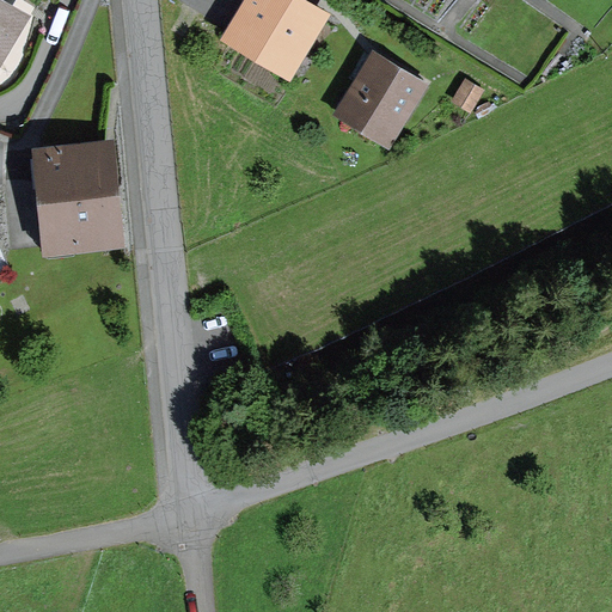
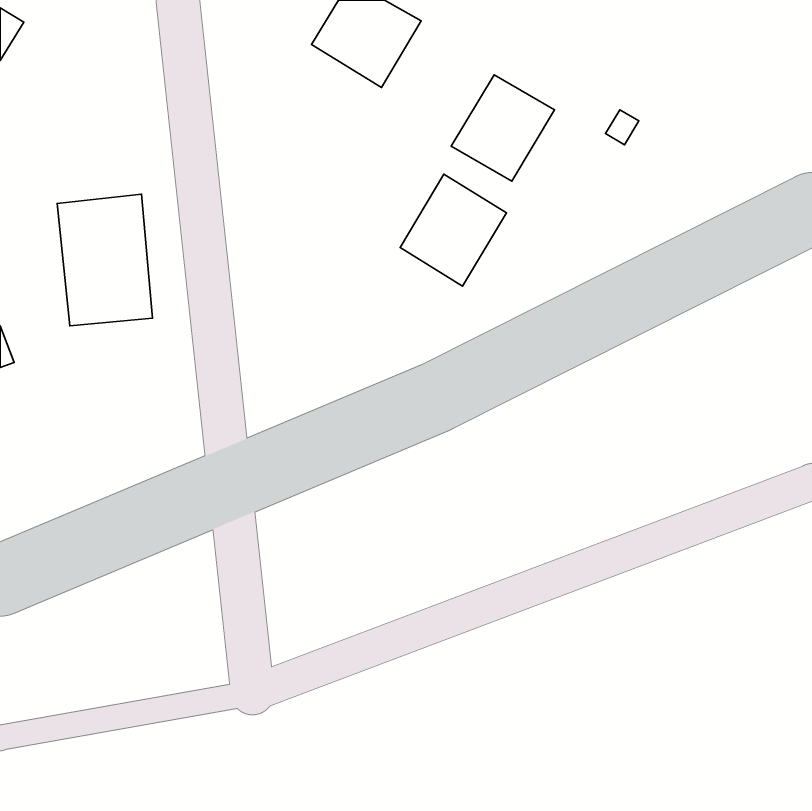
building: none -> [400,174,506,286]

